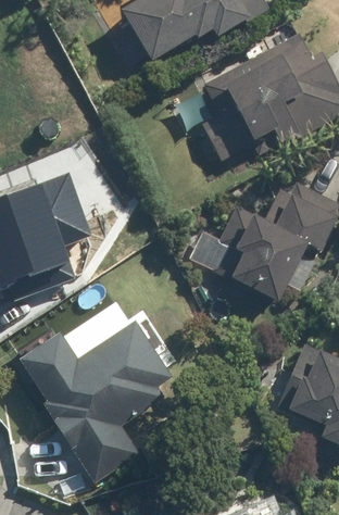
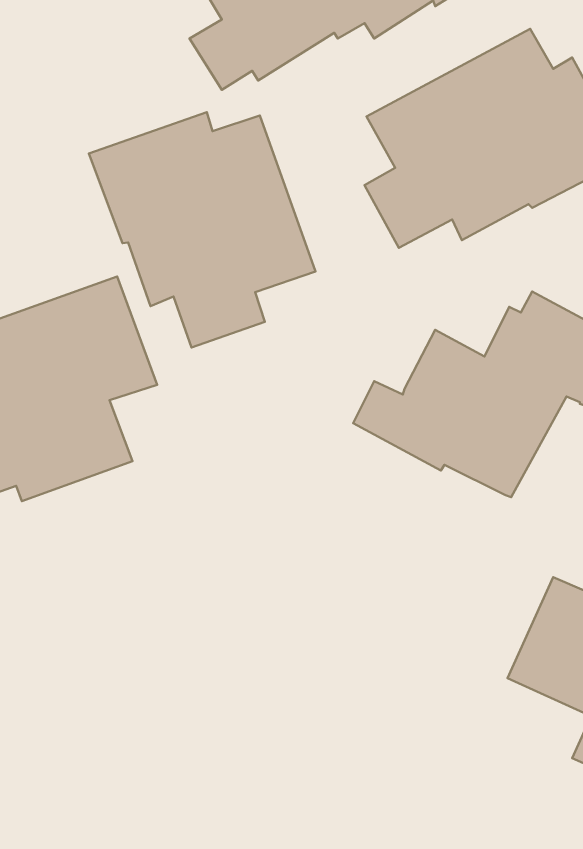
building: none -> [89,112,316,347]
building: [8,323,161,486] -> none

